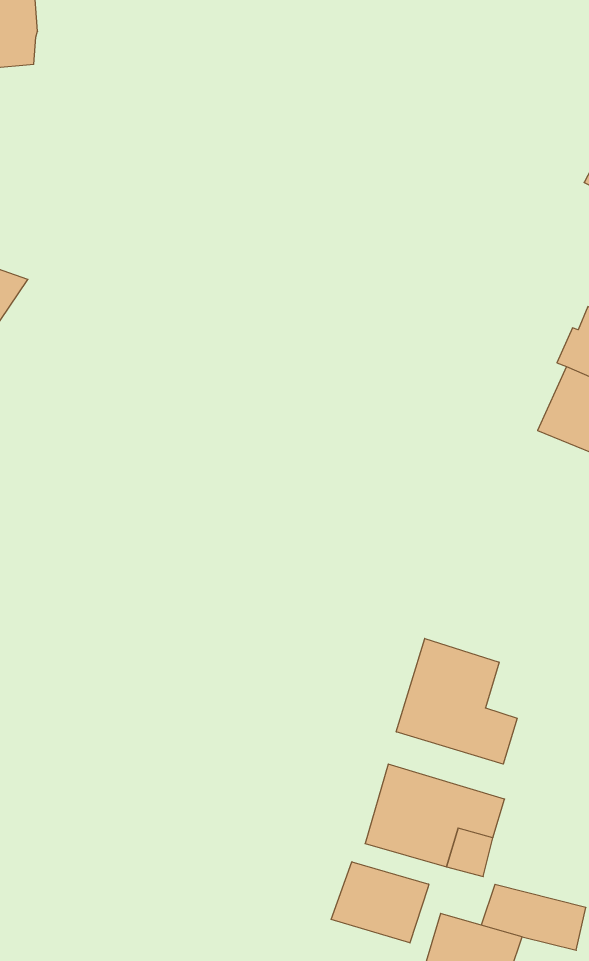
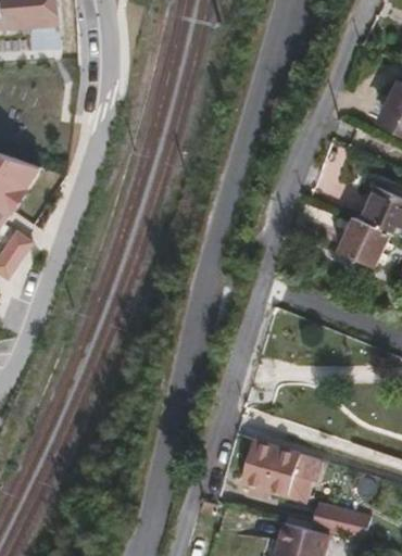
building: [396,638,517,764] -> none
building: [331,862,429,943] -> none

